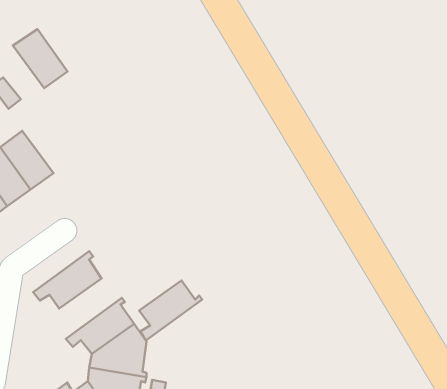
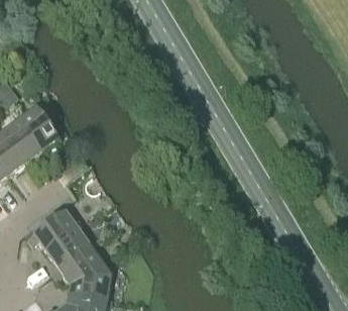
building: [13,29,67,88] -> [18,107,59,150]
building: [139,280,202,341] -> [45,228,92,273]

